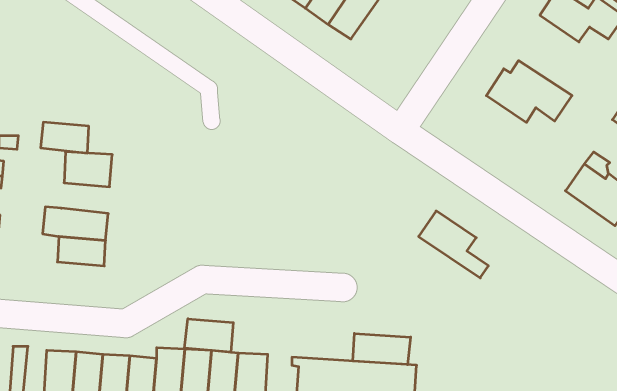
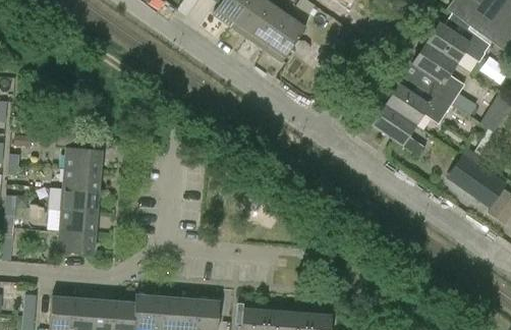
building: none -> [409,43,476,115]
building: [41,122,89,153] -> [62,170,99,194]
building: [419,211,488,278] -> [372,104,424,155]
building: none -> [57,230,95,254]
building: [184,319,233,352] -> none
building: [353,333,411,365] -> none

